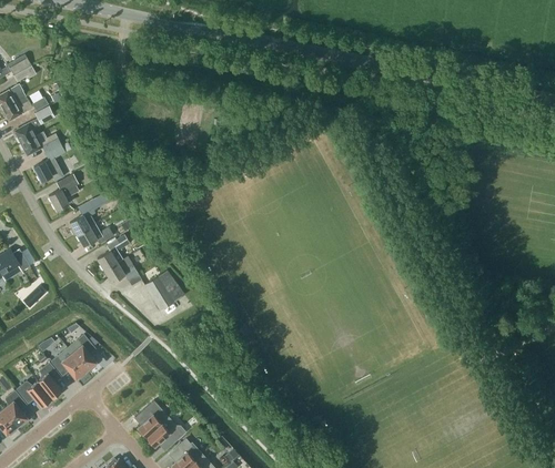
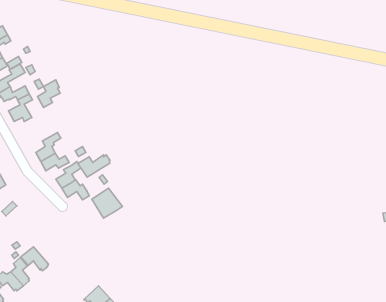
building: [49,174,79,211] -> [38,80,60,107]
building: none -> [78,155,110,177]
building: [67,334,97,372] -> none

